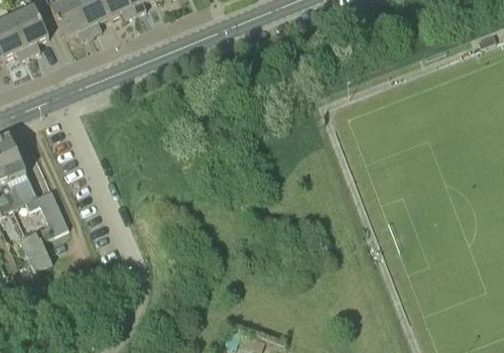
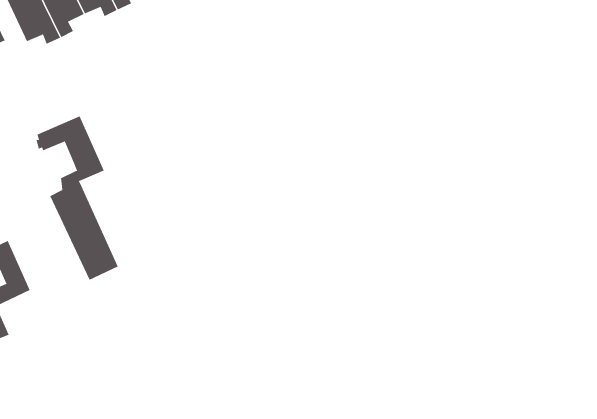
building: none -> [36,115,119,281]

